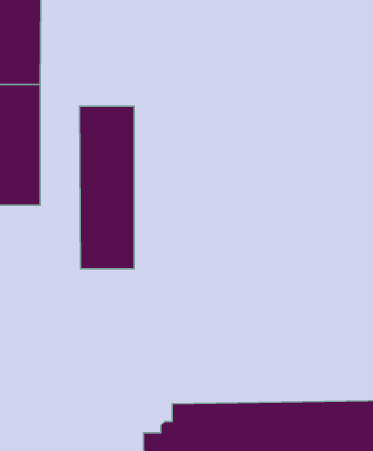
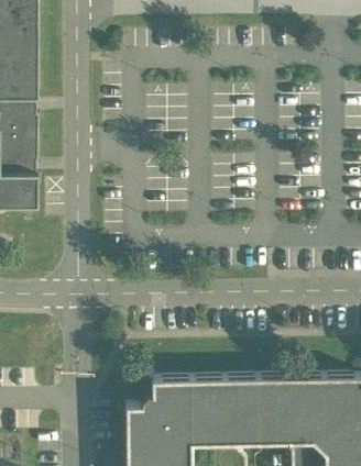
building: [80,106,134,269] -> none

